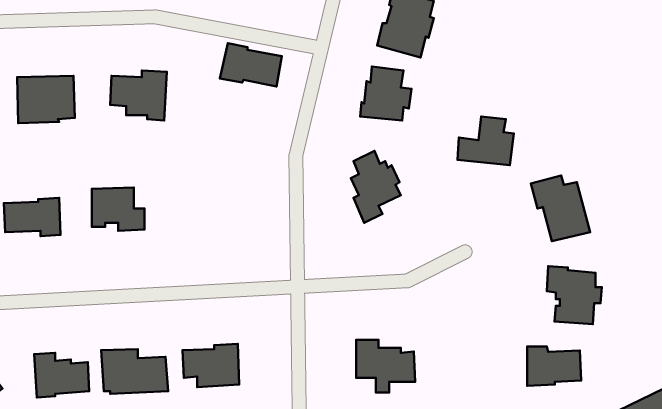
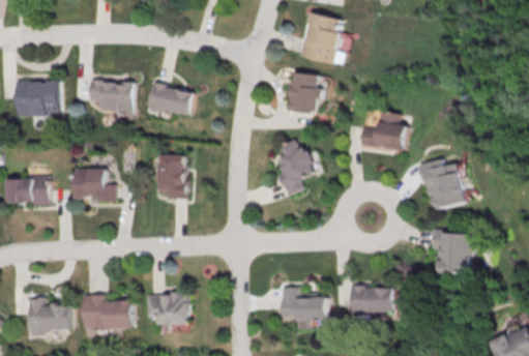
building: [220,43,282,86] -> [145,82,194,116]
building: none -> [156,155,187,199]
building: [527,346,581,386] -> [351,286,393,317]

